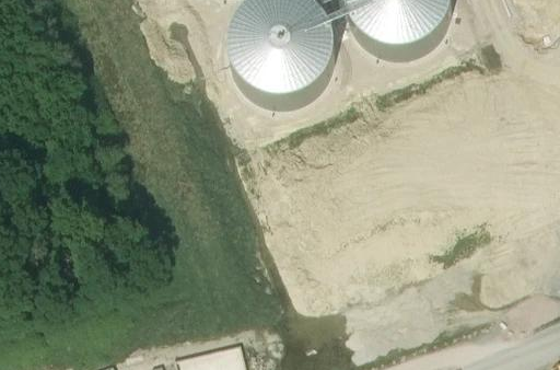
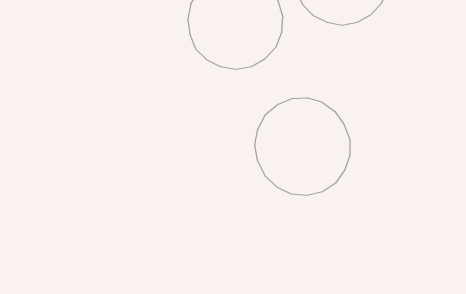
building: none -> [255,98,350,195]

